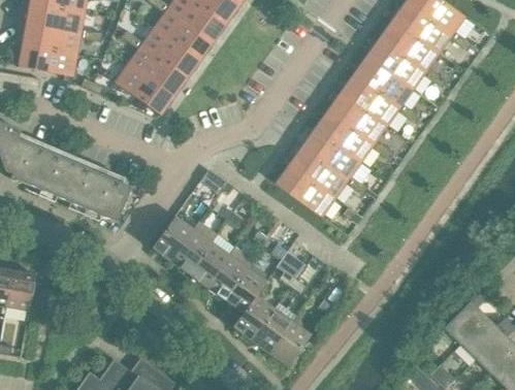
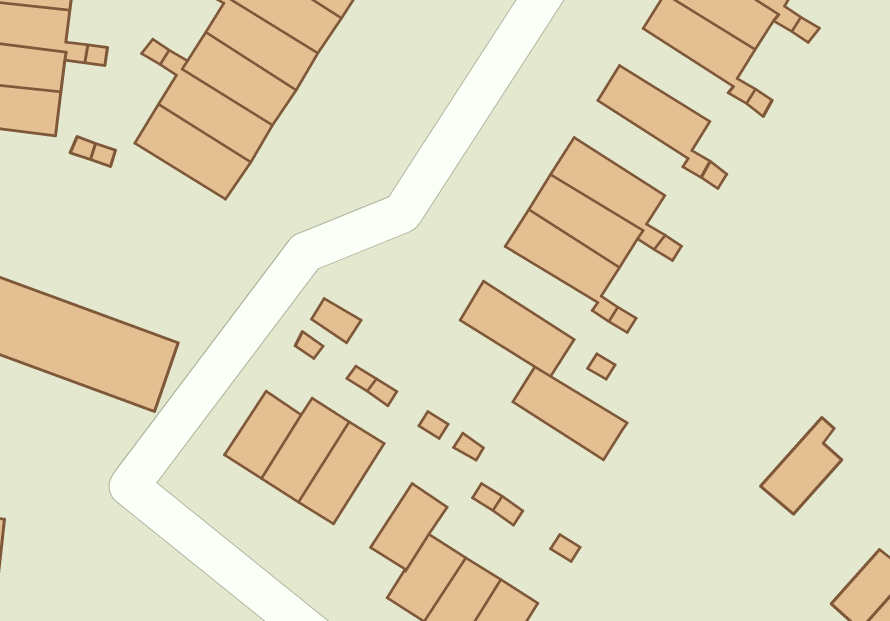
building: [368,37,427,88] -> none
building: [343,73,401,125] -> none
building: [291,147,350,197] -> [513,367,627,460]
building: [205,246,253,299] -> none
building: [446,293,489,343] -> [760,417,842,514]

